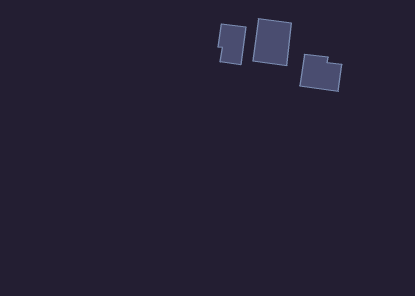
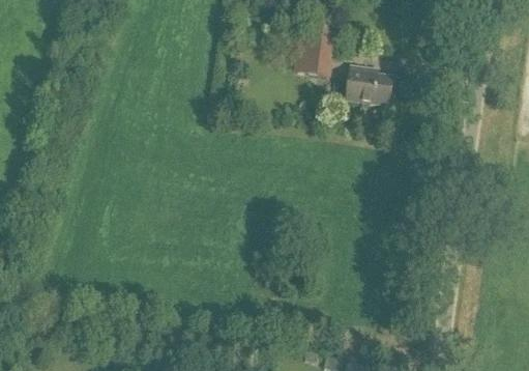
building: [218,24,246,65] -> none

